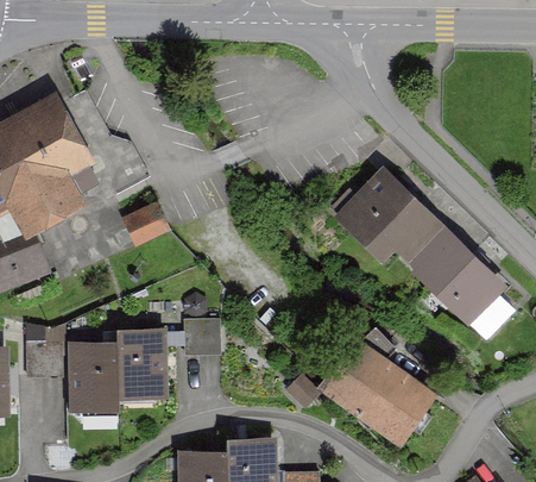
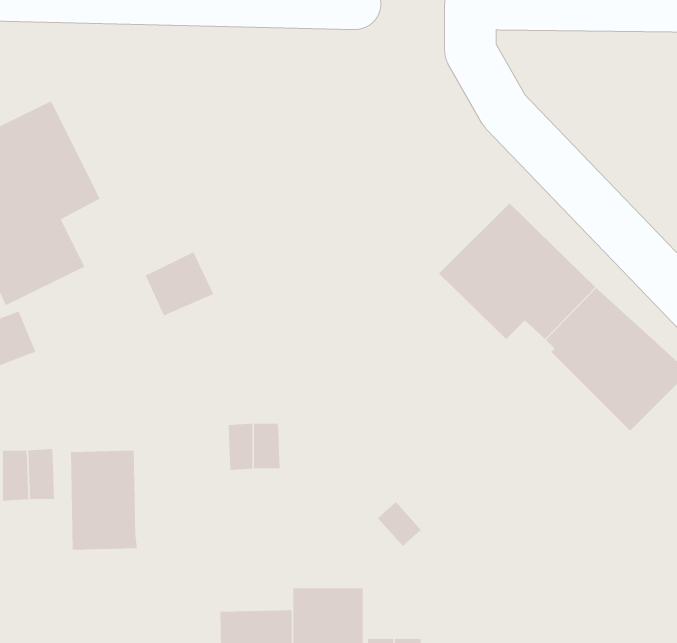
building: [118,328,165,399] -> none
building: [317,333,439,446] -> none

